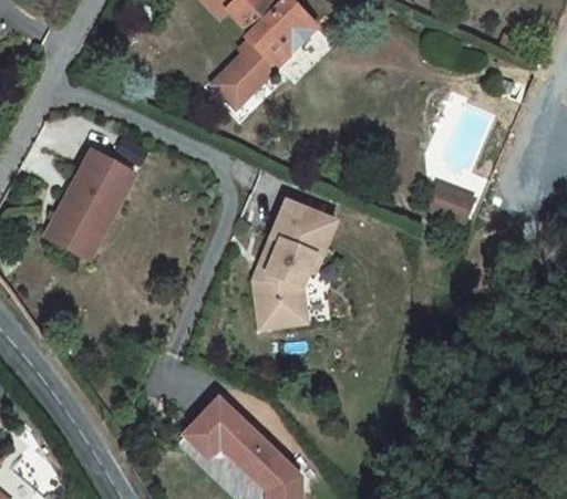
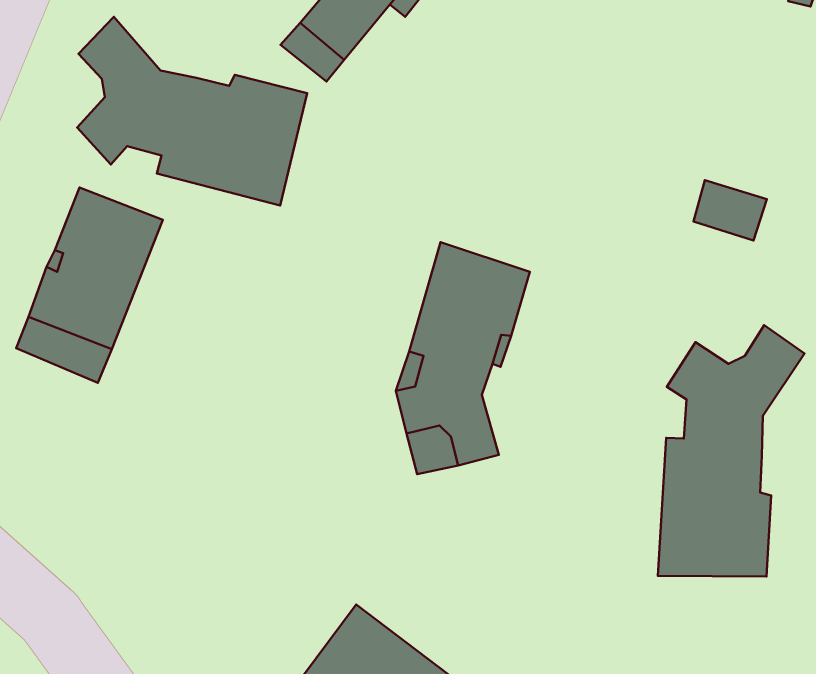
building: none -> [77,17,307,205]
building: none -> [658,325,804,577]

